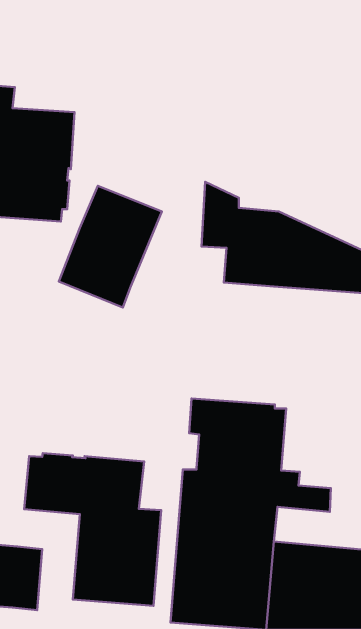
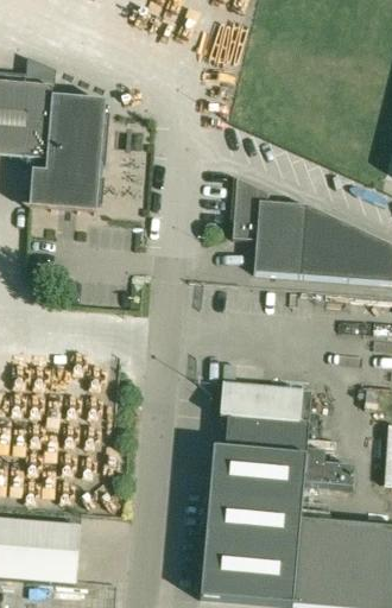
building: [59,186,162,307] -> none
building: [24,453,161,606] -> none

